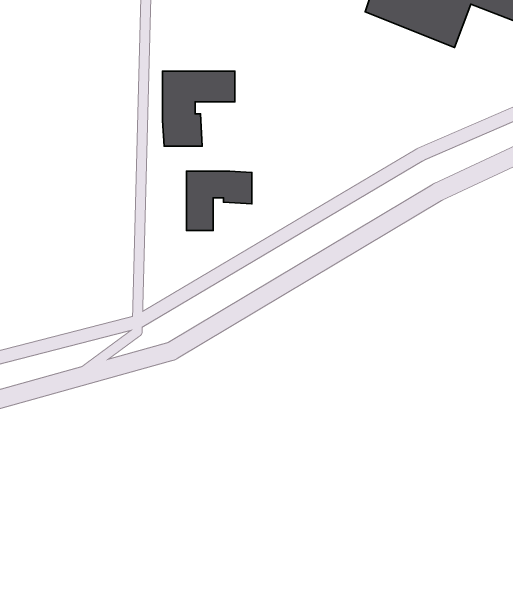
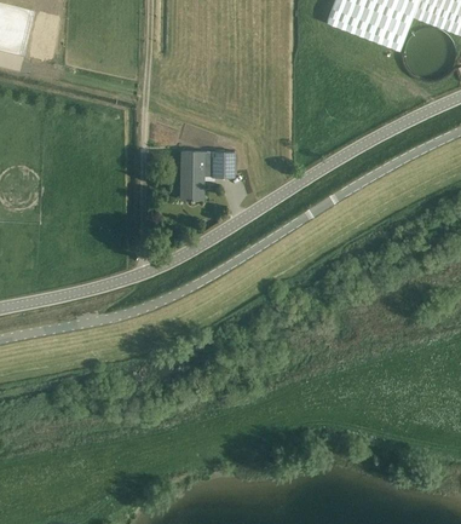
building: [163,71,235,146] -> none

